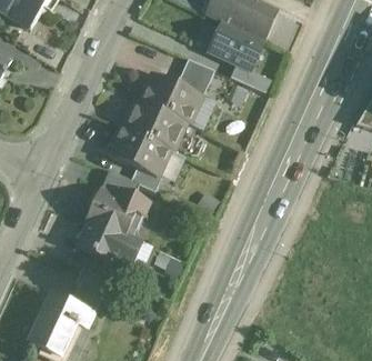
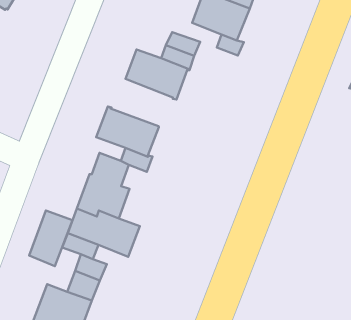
building: [123,97,184,149] -> none
building: none -> [29,210,73,266]

